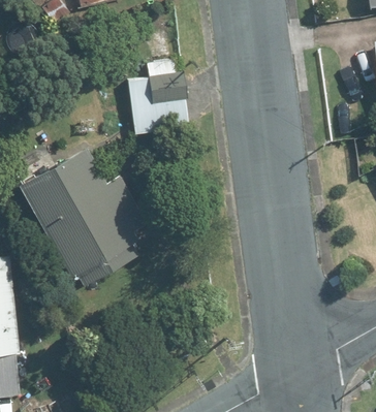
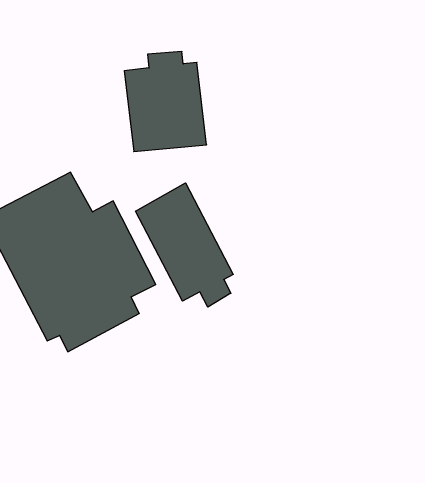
building: none -> [136,183,233,307]

